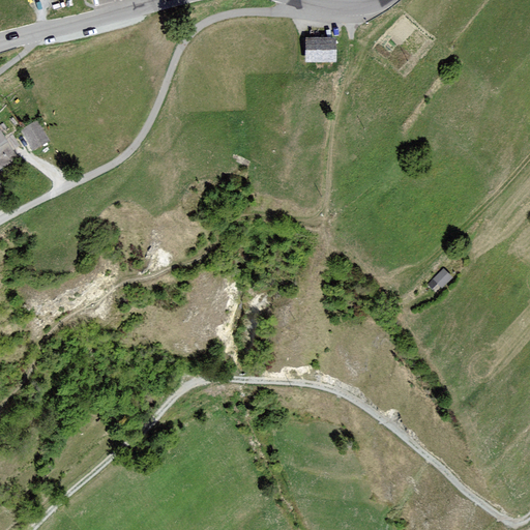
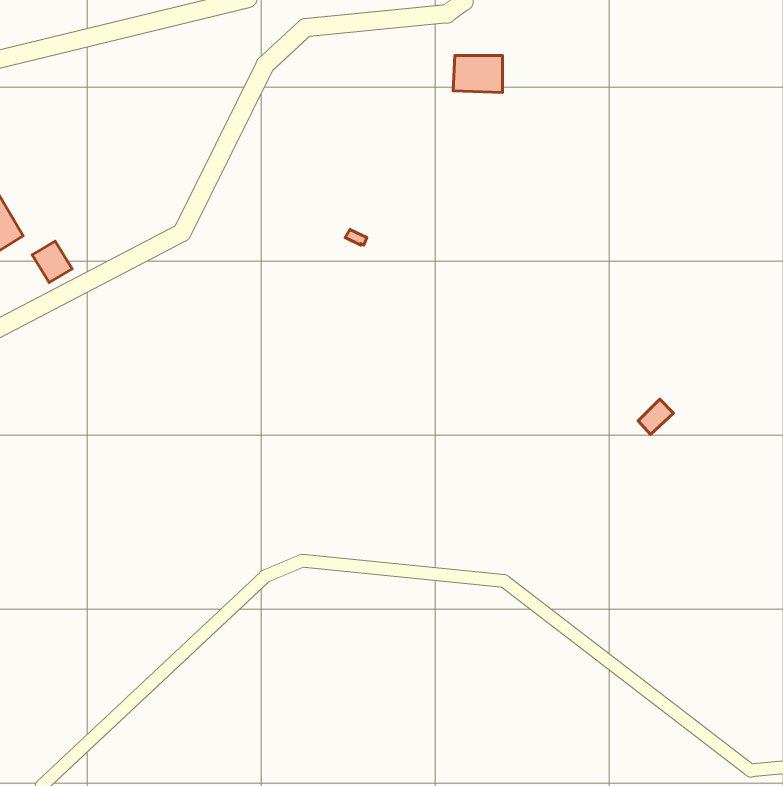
building: [20,121,47,149] -> [32,241,72,283]

